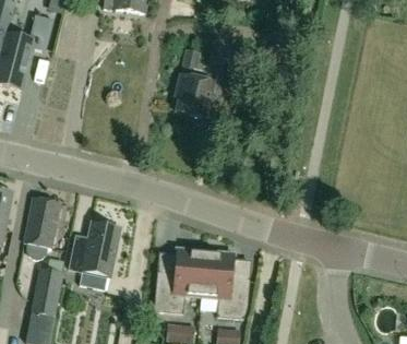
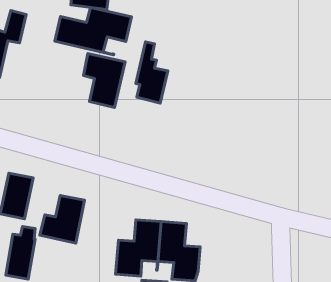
building: none -> [55,7,132,55]
building: none -> [83,53,125,107]

